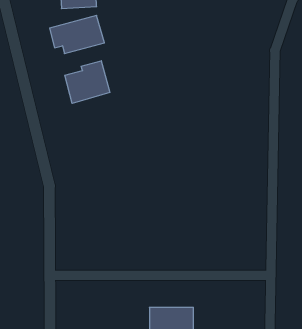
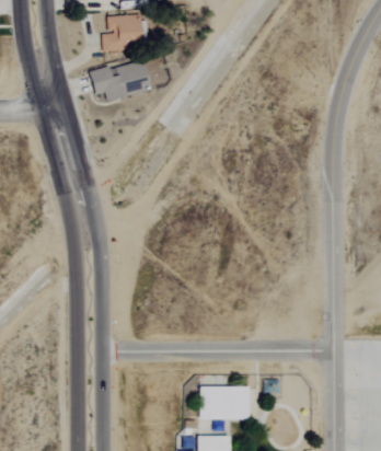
building: [65,61,110,103] -> none

